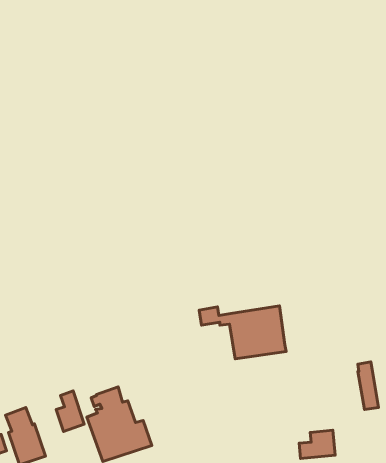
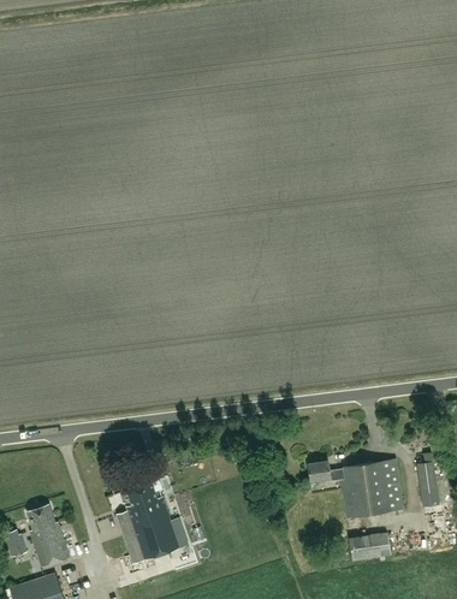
building: [199,306,286,359] -> [307,459,403,518]
building: [56,391,84,431] -> none

